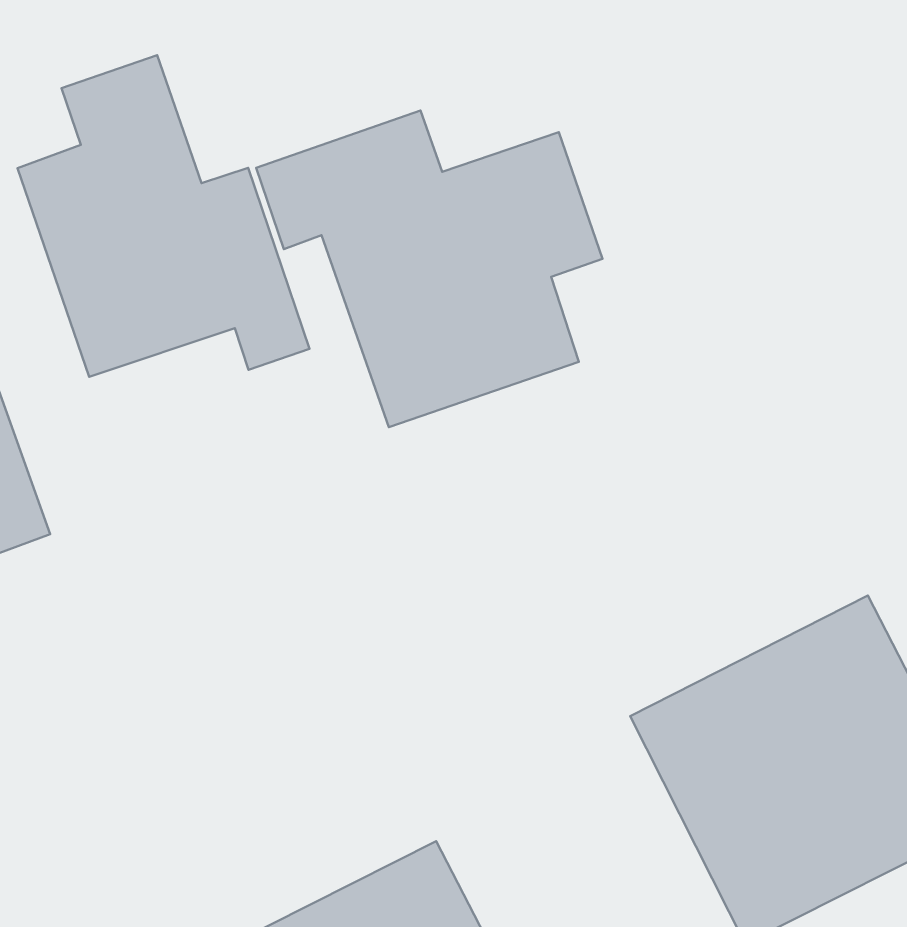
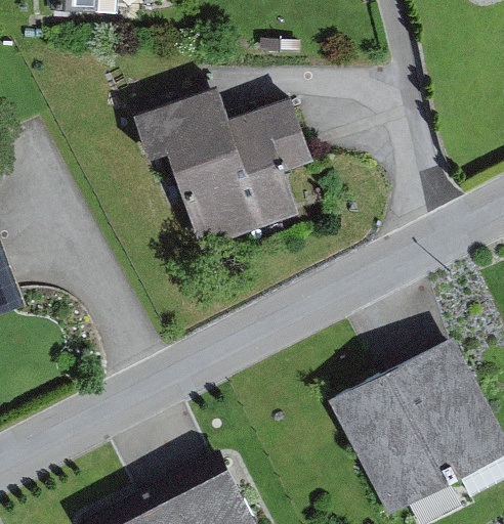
building: [17,55,310,377] -> none

